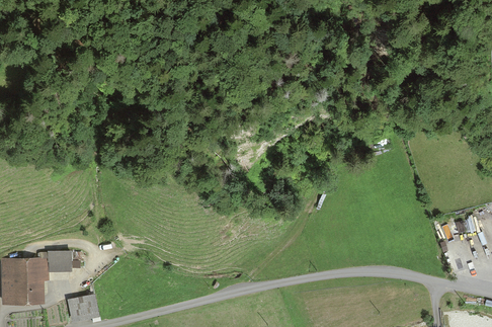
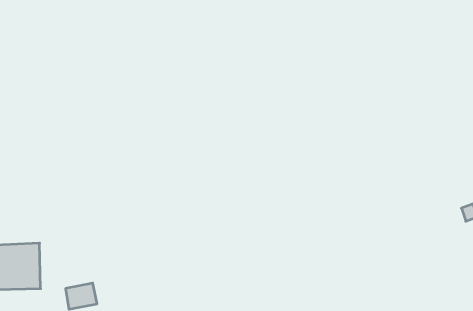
building: [49,252,70,269] -> none

